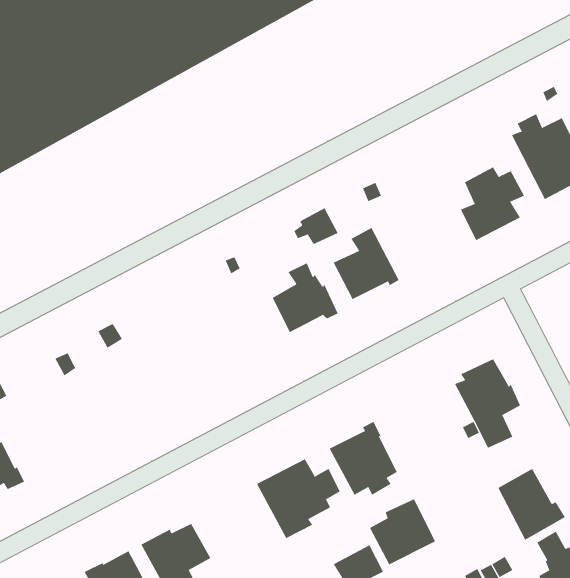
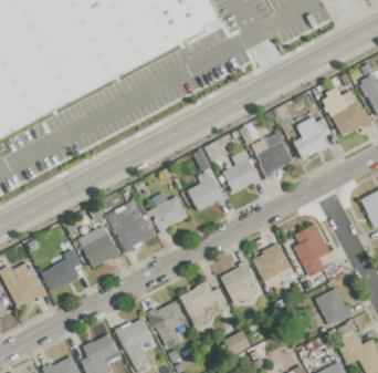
building: none -> [252,139,293,178]
building: none -> [150,193,188,235]
building: none -> [106,204,153,253]
building: none -> [77,226,120,268]
building: none -> [41,250,81,291]
building: none -> [146,301,187,345]
building: [369,498,436,565] -> [253,244,291,281]

